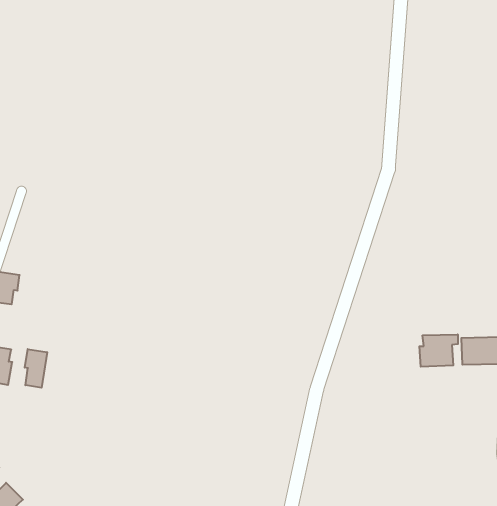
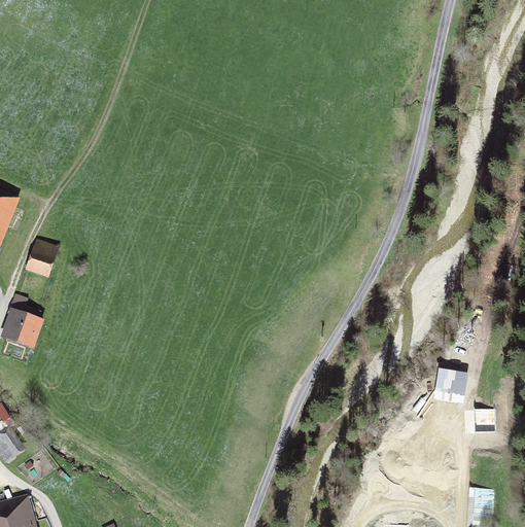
building: [419,334,458,367] -> none
building: [25,349,47,388] -> none

